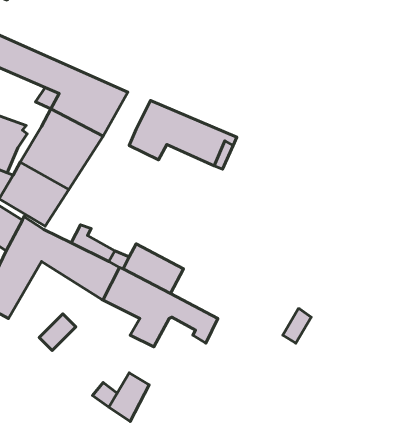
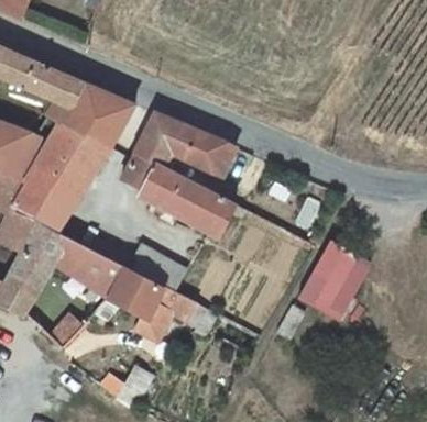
building: none -> [121,155,233,235]
building: none -> [298,242,369,319]

